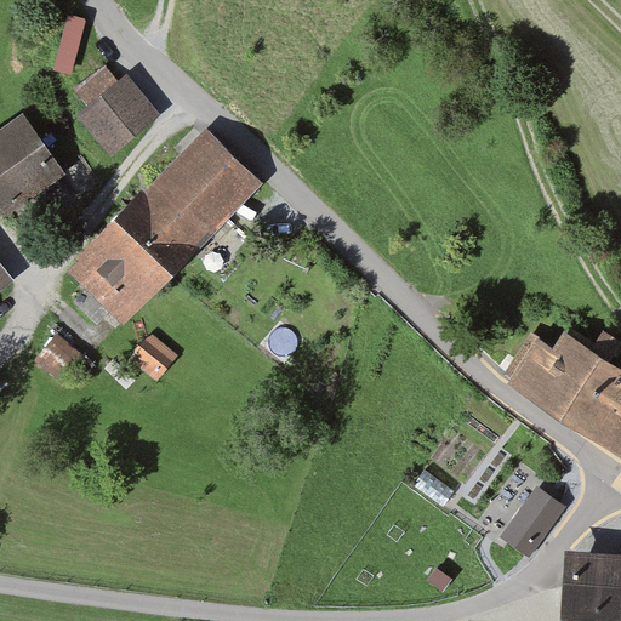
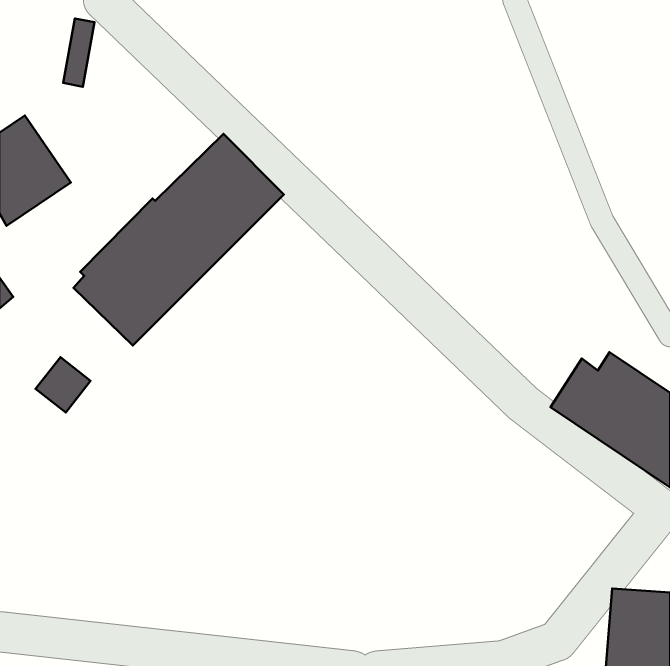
building: [76,75,159,156] -> none
building: [130,337,178,384] -> none
building: [500,486,566,559] -> none

